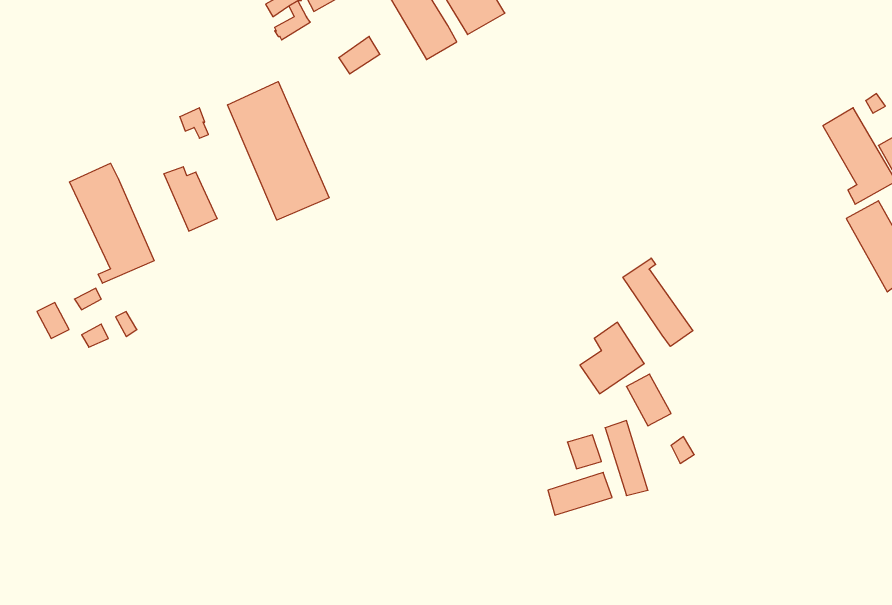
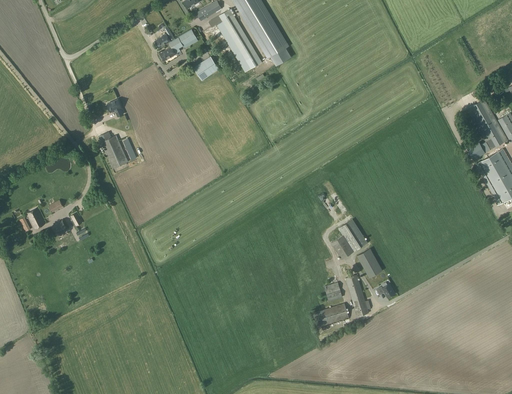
building: [228,82,329,220] -> none
building: [69,163,154,283] -> none
building: [623,258,693,346] -> none

